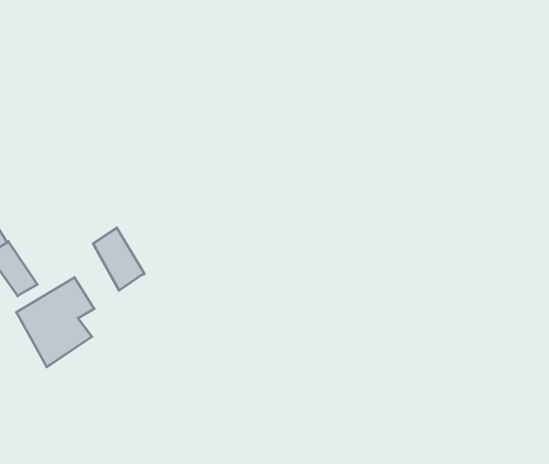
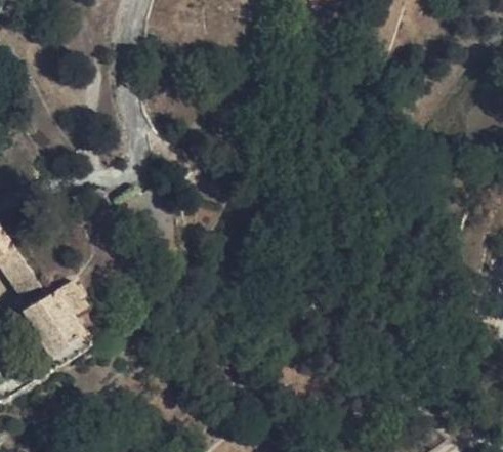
building: [93,228,144,290] -> none

